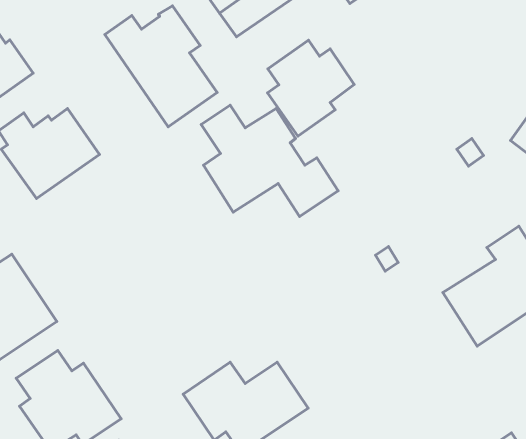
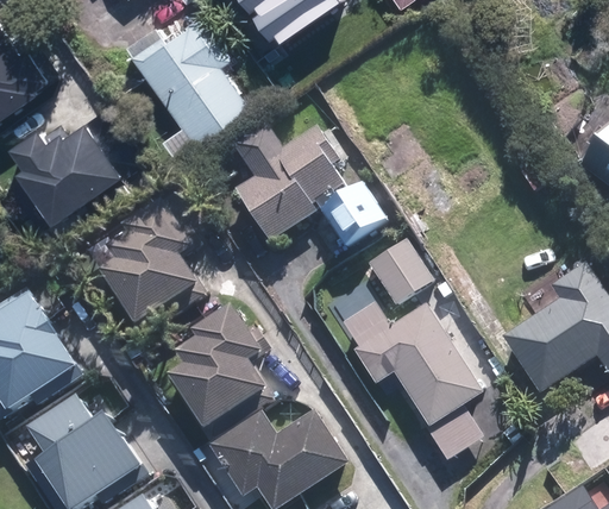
building: [268,40,354,136] -> none
building: none -> [98,197,209,334]
building: none -> [368,239,433,307]
building: none -> [344,300,484,457]
building: none -> [165,301,278,439]

